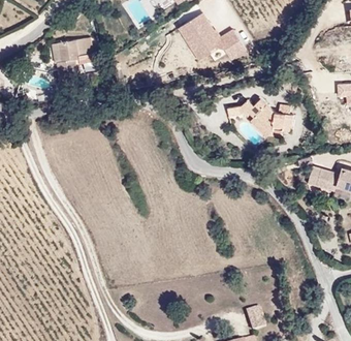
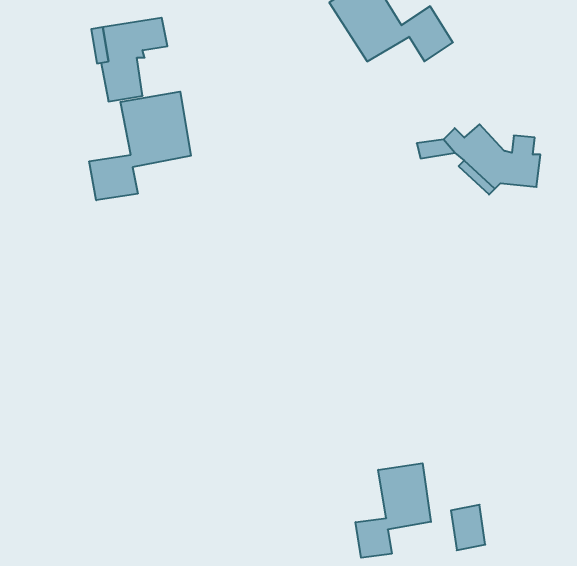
building: none -> [89,92,191,200]
building: none -> [356,463,431,558]

